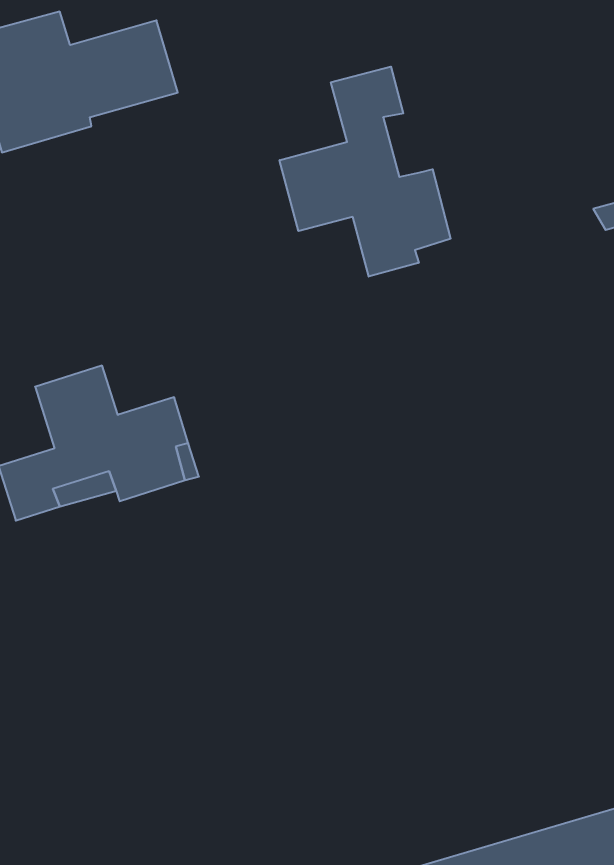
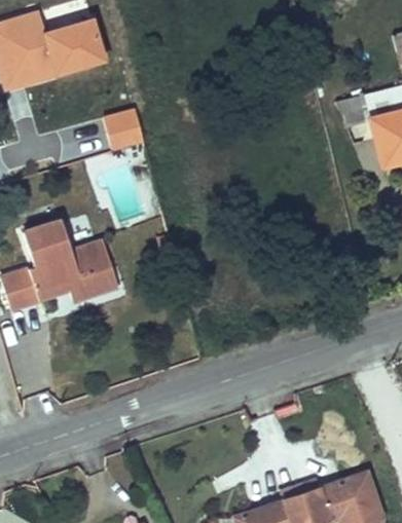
building: [280,67,451,277] -> none
building: none -> [105,111,142,149]

